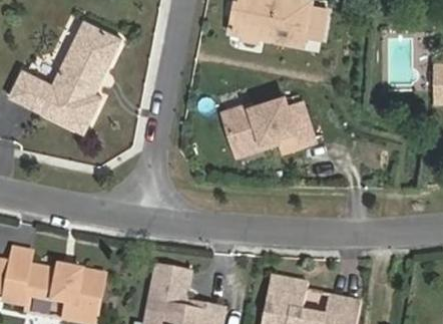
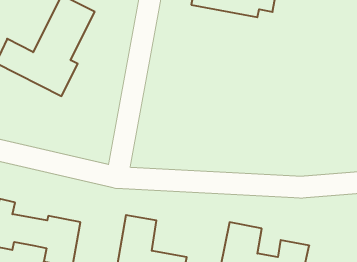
building: [223,97,316,146] -> none

